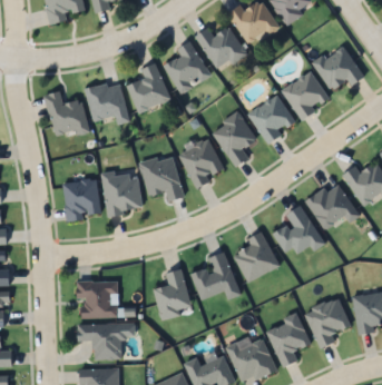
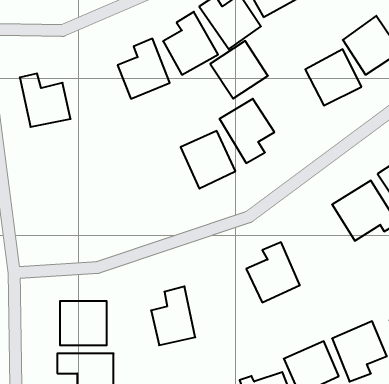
building: [86,80,129,124] -> none
building: [248,93,296,141] -> [210,41,268,99]
building: [140,155,184,200] -> none
building: [102,169,141,214] -> none
building: [63,178,100,219] -> none
building: [274,205,324,259] -> none
building: [192,251,241,299] -> none

